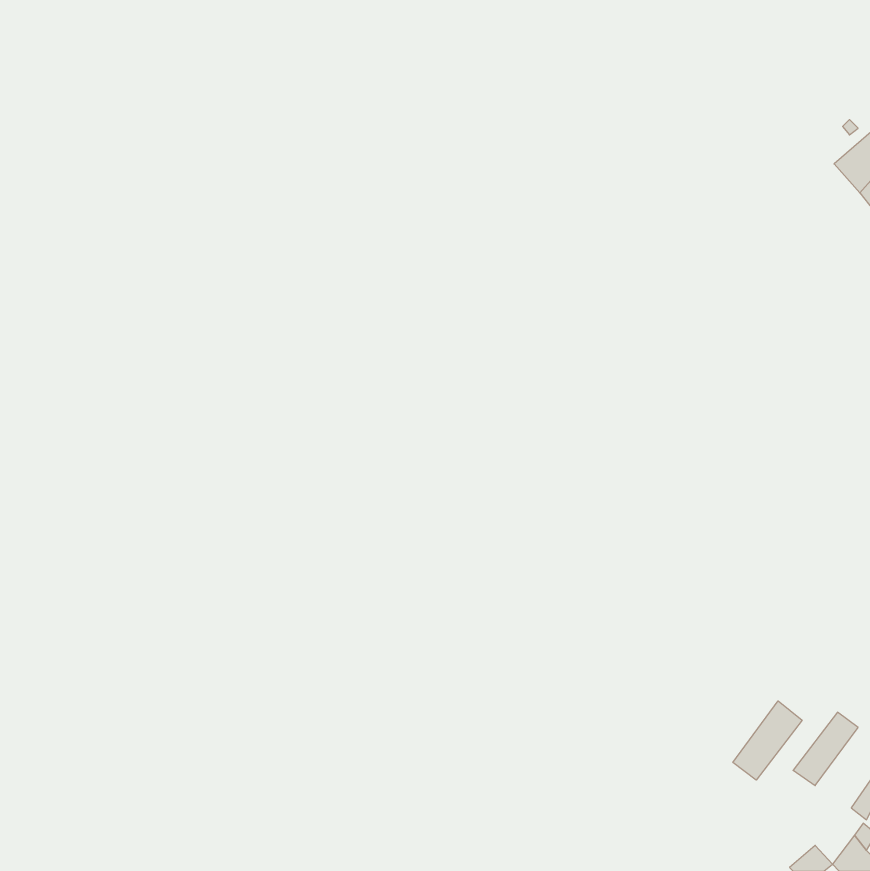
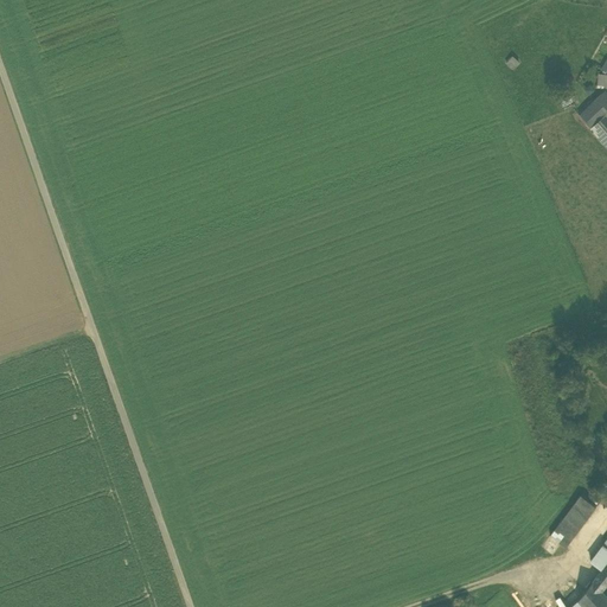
building: [733,701,802,780] -> none

